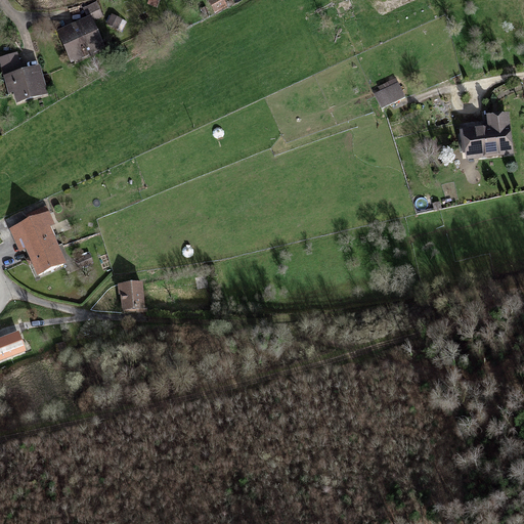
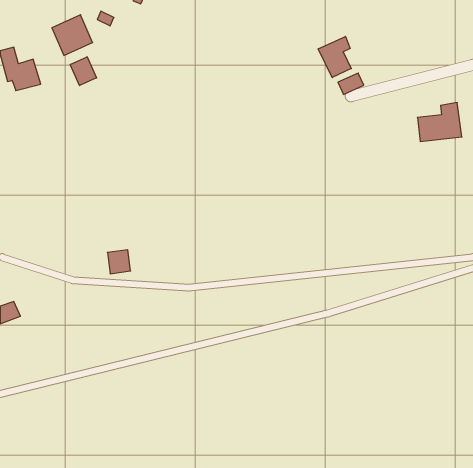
building: none -> [318,36,351,78]
building: none -> [70,57,97,86]
building: [11,207,62,267] -> none

